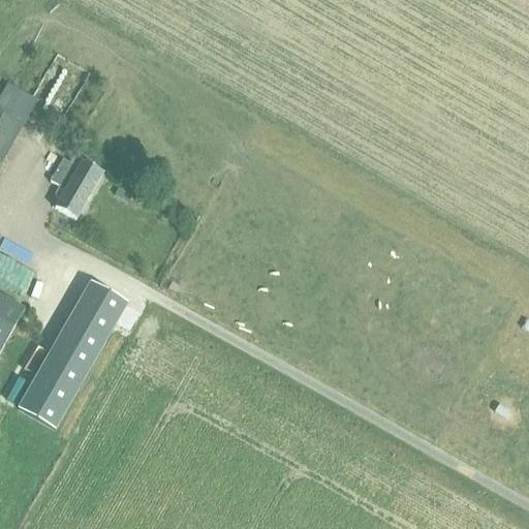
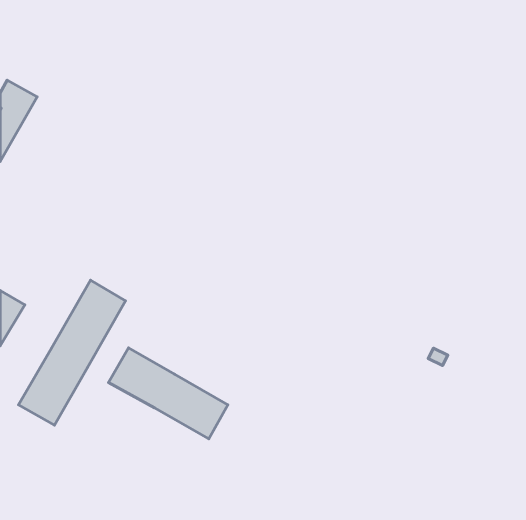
building: [51,156,103,216] -> none
building: none -> [109,348,228,439]

